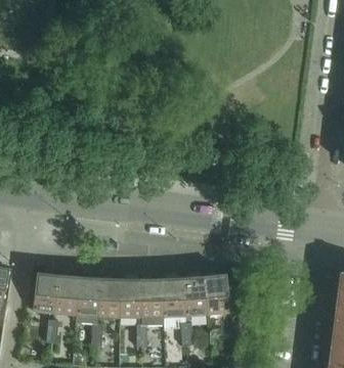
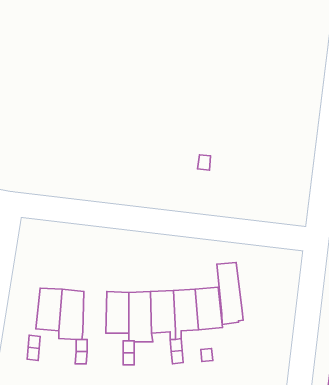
building: none -> [217,262,243,325]
building: [33,273,58,314] -> none
building: [98,279,121,318] -> none

